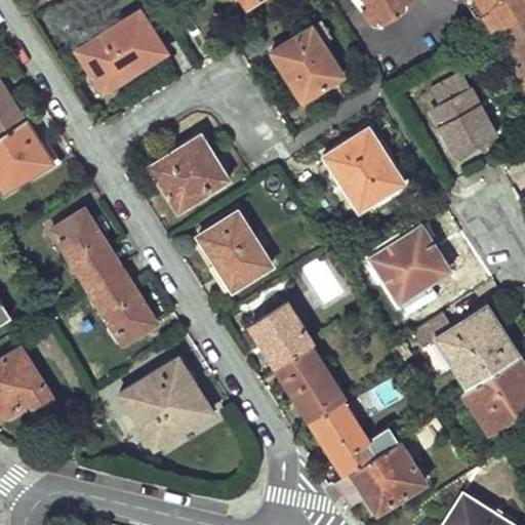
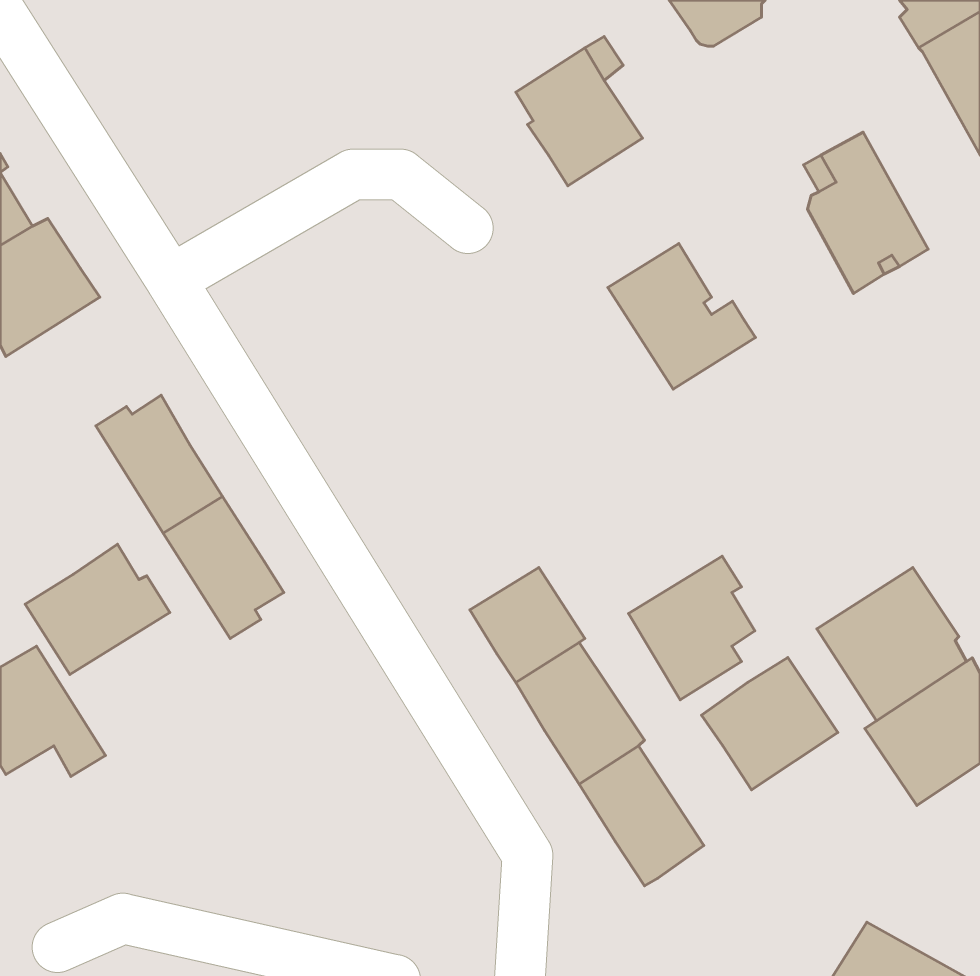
building: [79,12,166,98] -> none
building: [157,134,230,210] -> none
building: [201,212,273,294] -> none
building: [371,227,439,304] -> [628,556,755,700]
building: none -> [25,544,170,674]
building: [120,359,206,447] -> none
building: [352,441,425,512] -> [702,658,838,790]

